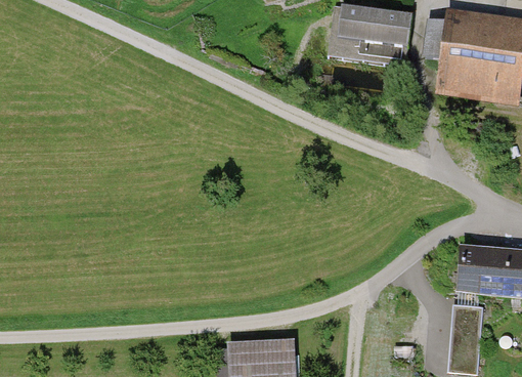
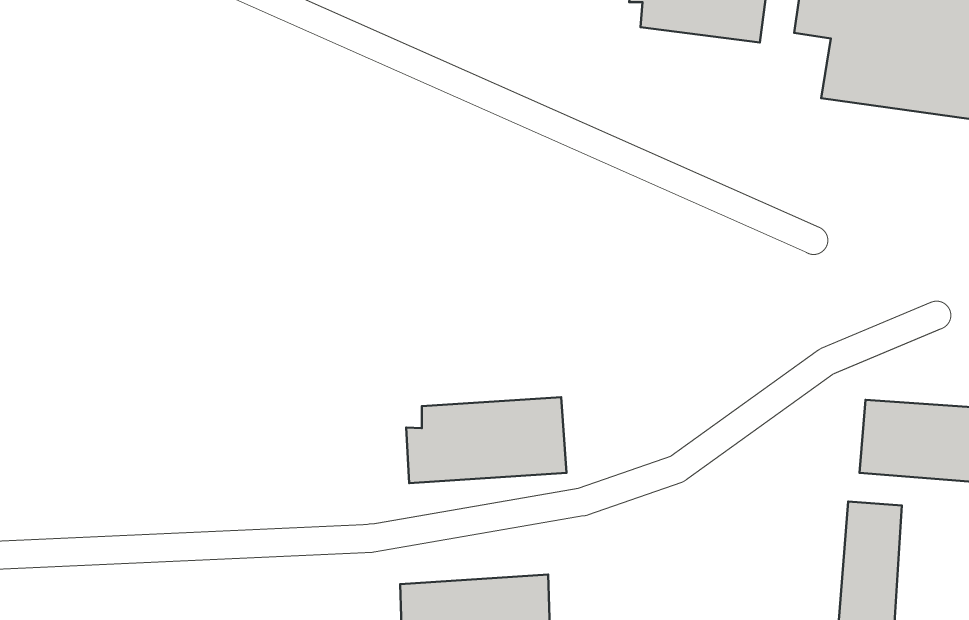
building: none -> [406,397,567,483]

